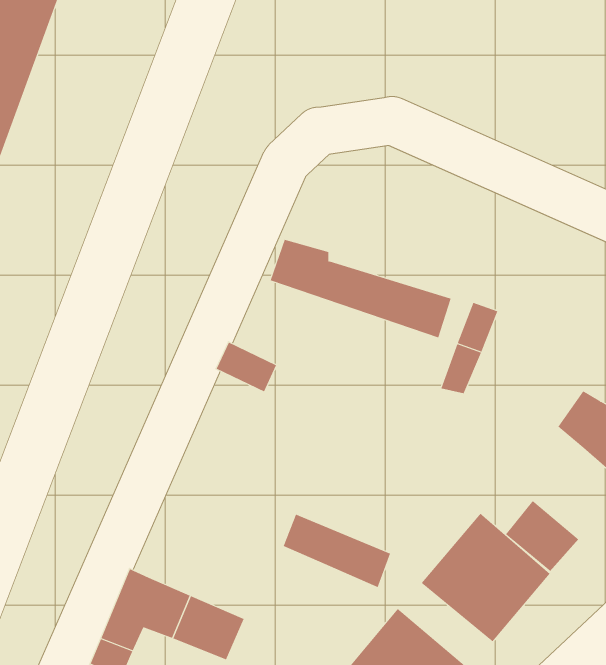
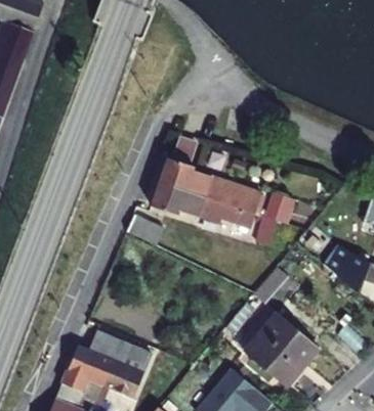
building: none -> [150,181,254,227]
building: [505,500,579,572] -> none
building: [283,514,391,588] -> [89,331,151,373]

